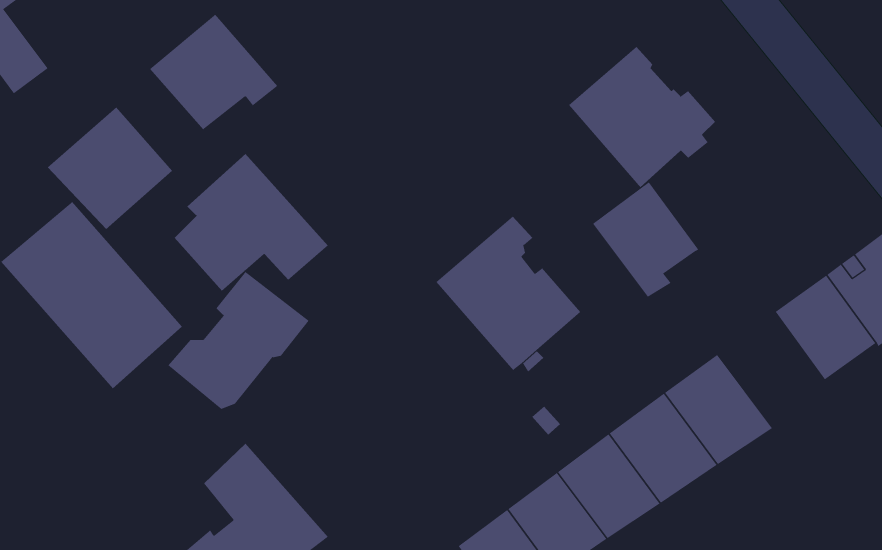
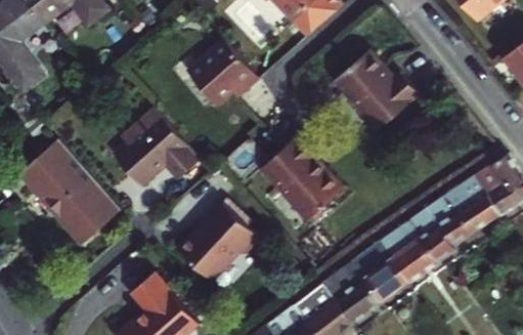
building: [149,14,278,130] -> [185,43,257,108]
building: [47,106,173,230] -> none
building: [592,181,699,298] -> [415,199,474,263]
building: [168,271,310,409] -> [175,205,254,282]

